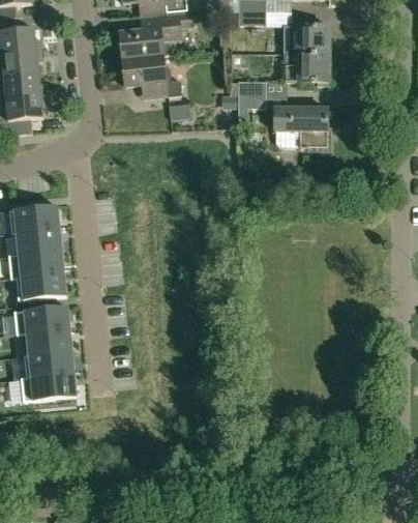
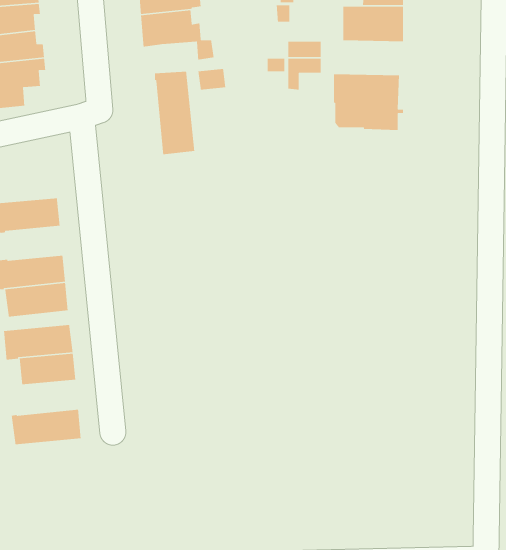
building: none -> [154,71,195,155]
building: [16,227,61,254] -> none
building: [23,349,73,376] -> none

